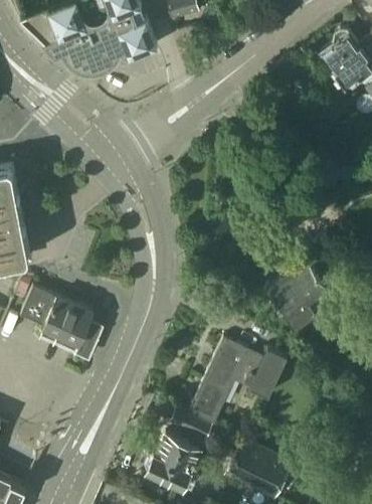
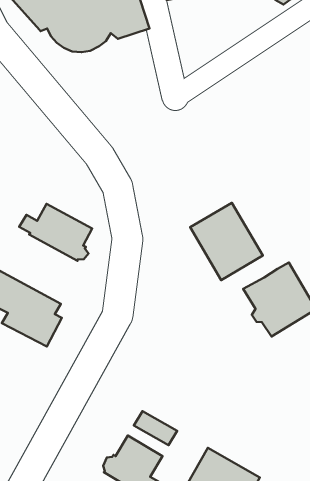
building: none -> [190,203,263,280]
building: none -> [19,204,92,261]
building: [188,338,287,424] -> none

